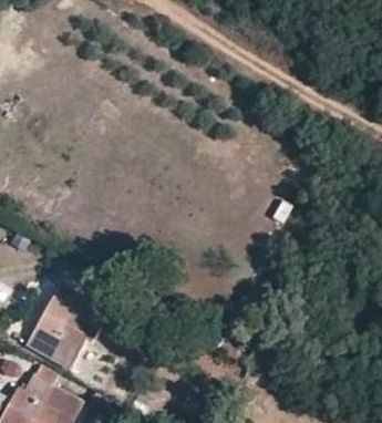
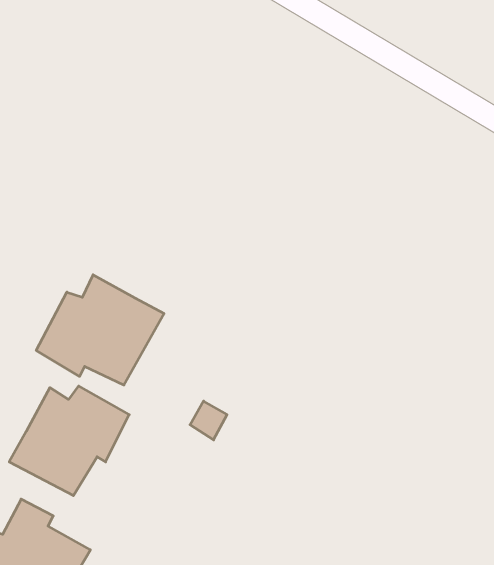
building: none -> [36,275,164,385]

